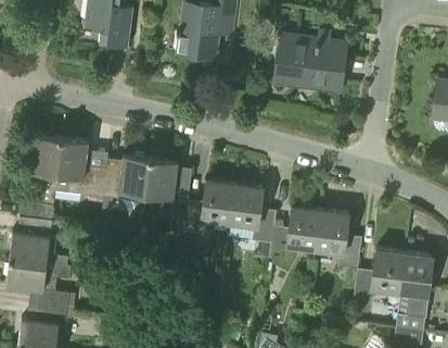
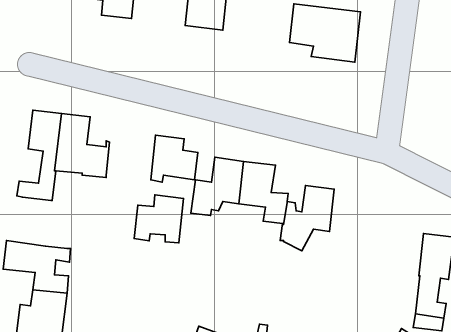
building: [103,156,150,201] -> [134,195,183,243]
building: [315,210,360,270] -> none
building: [9,217,67,266] -> none
building: [353,249,404,303] -> none

